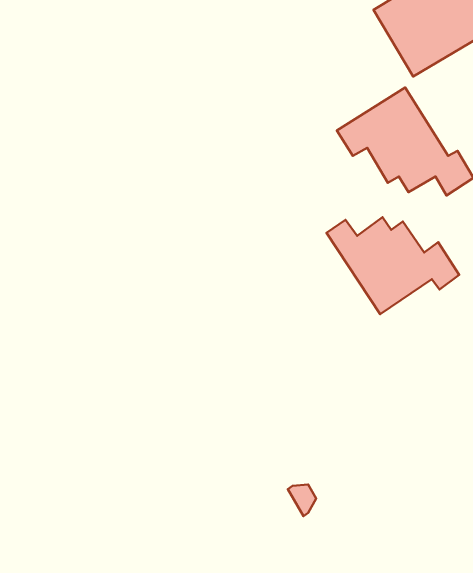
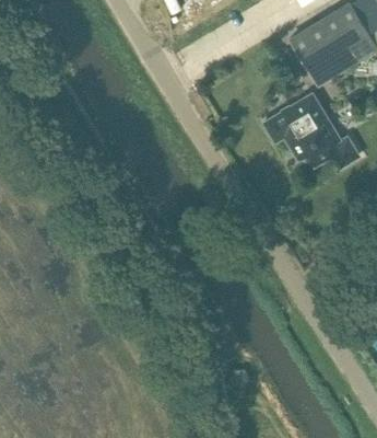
building: [326,217,459,314] -> none

